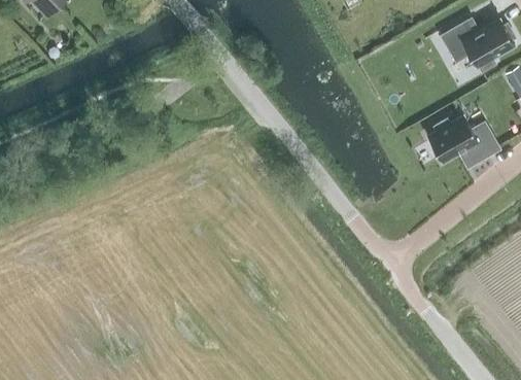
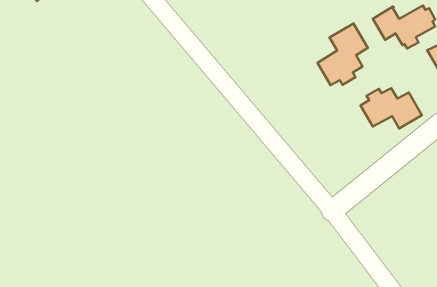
building: none -> [317,24,368,85]

